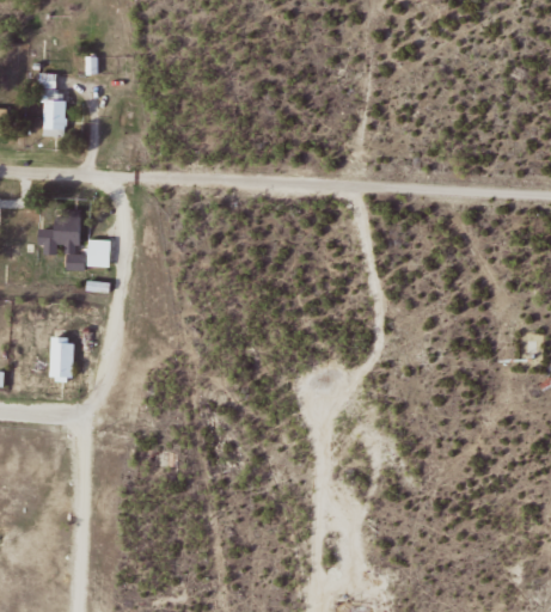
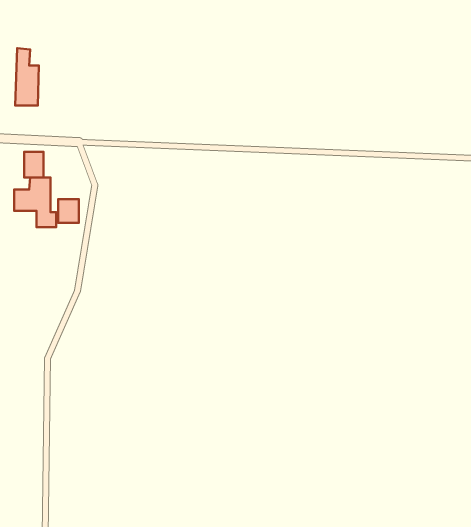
building: none -> [24,152,43,177]
building: [49,336,72,380] -> none

